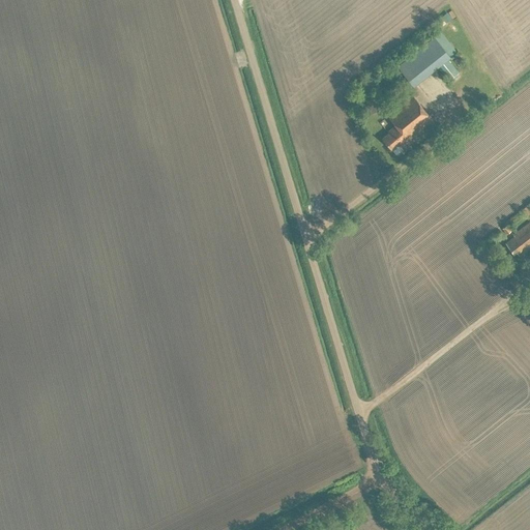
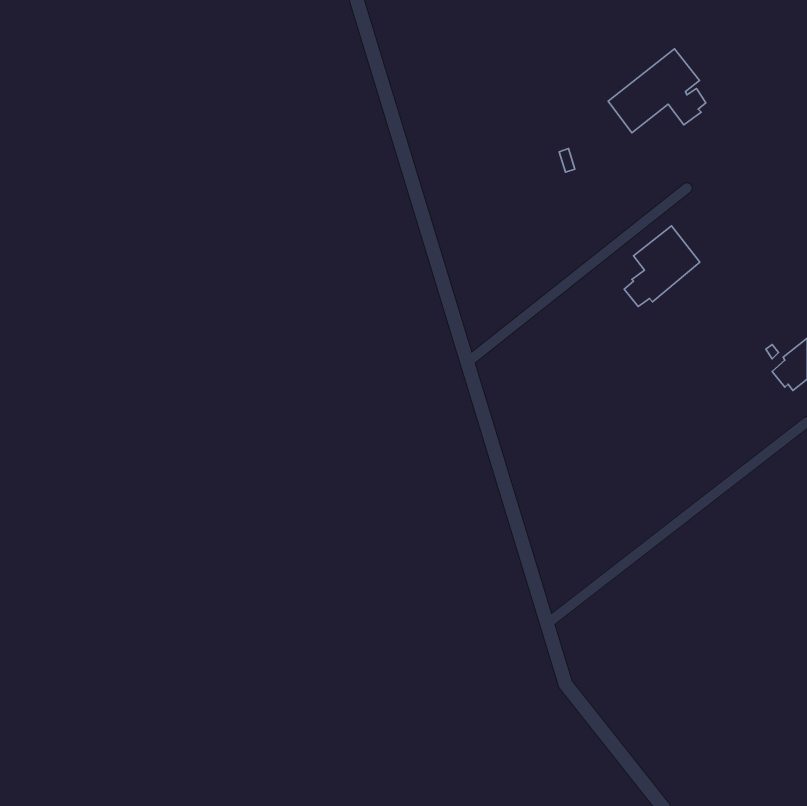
building: [382,97,432,150] -> [624,226,700,307]

